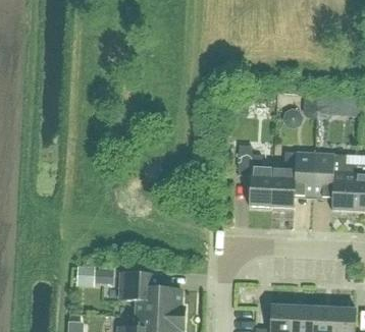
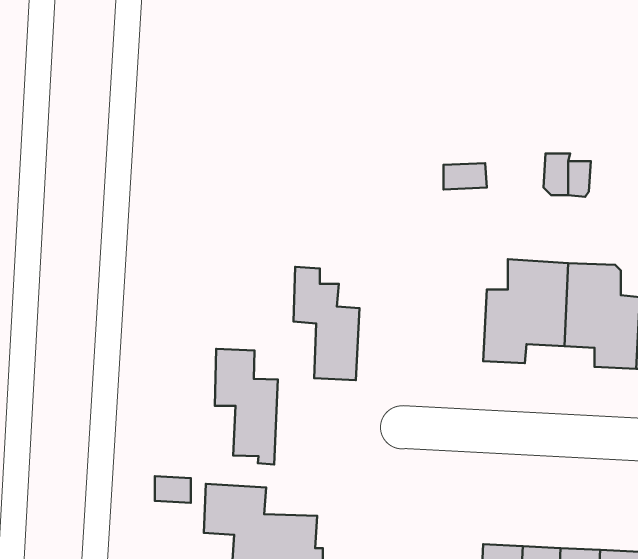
building: [238,145,273,206] -> [293,267,359,380]
building: none -> [215,349,278,465]

